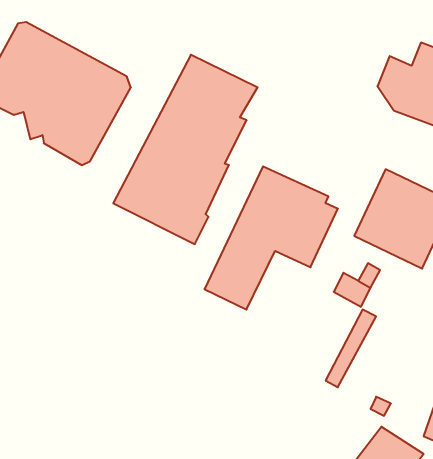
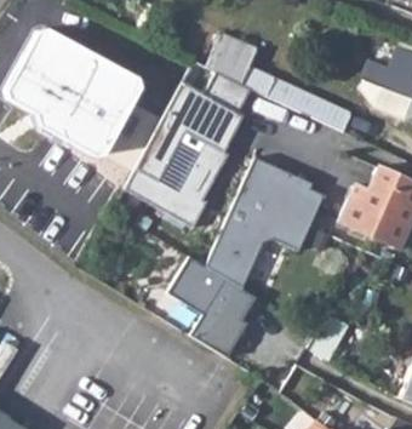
building: none -> [207,29,351,130]
building: none -> [171,261,257,358]

